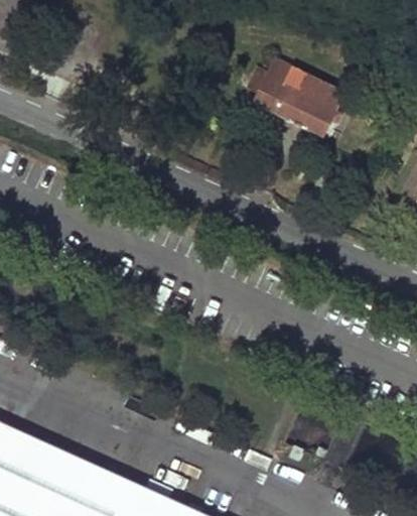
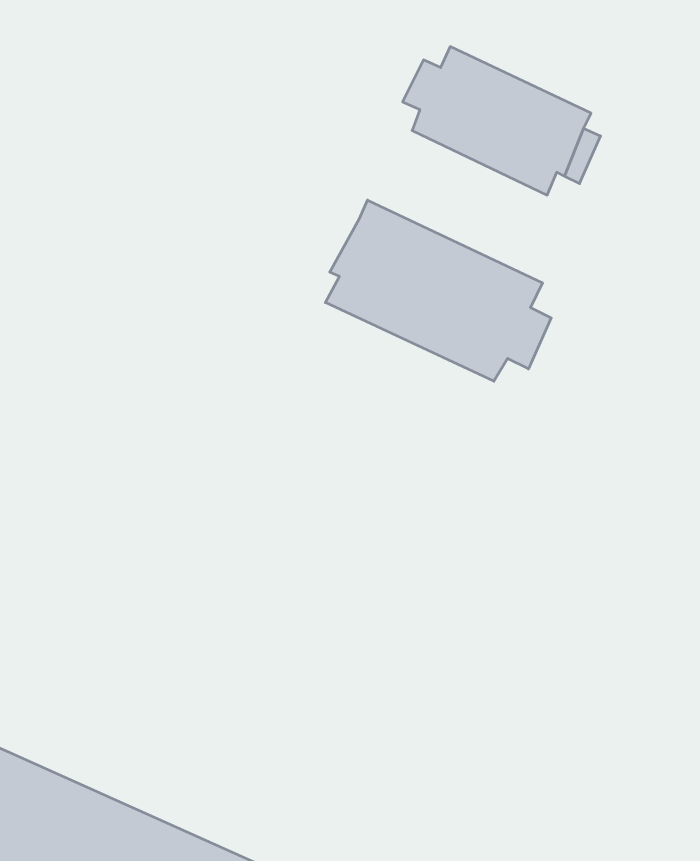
building: none -> [325,200,551,381]

